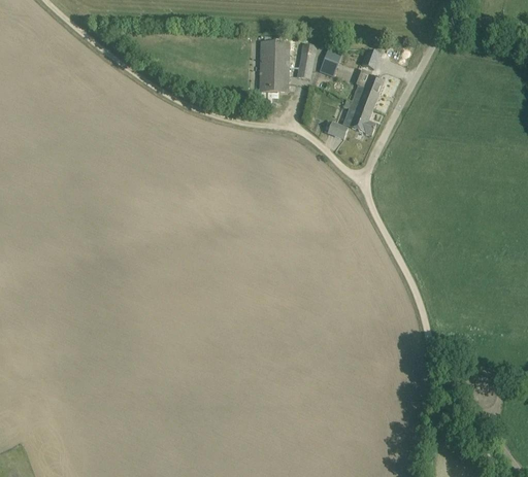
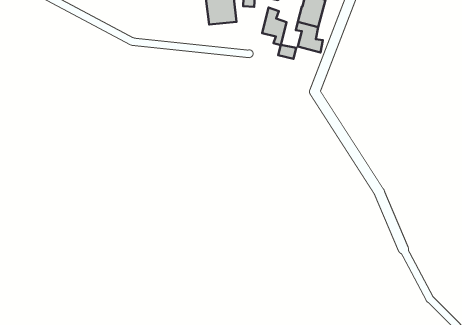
building: none -> [262,8,287,45]

